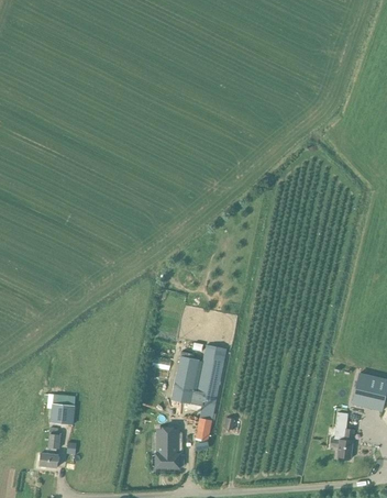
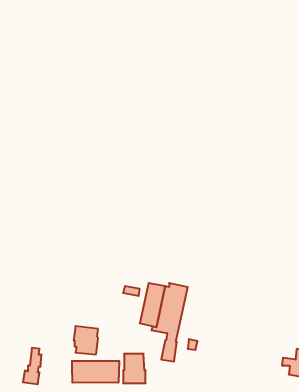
building: [47,392,75,424] -> [74,326,98,354]
building: none -> [72,361,119,383]

